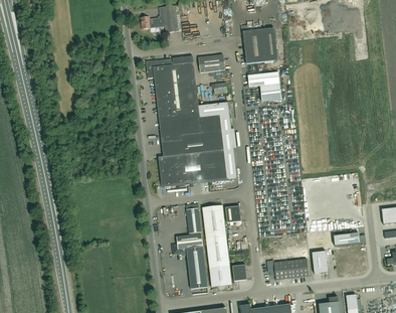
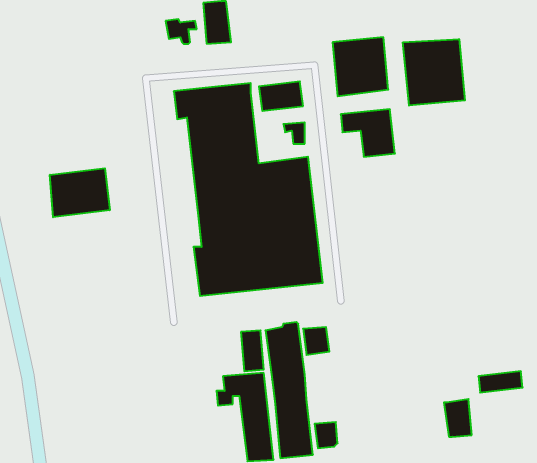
building: none -> [403,39,465,106]
building: none -> [50,168,110,217]
building: [266,260,309,280] -> none

